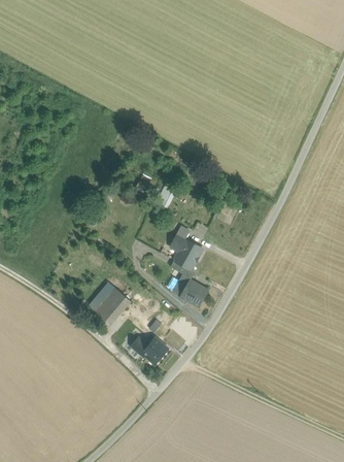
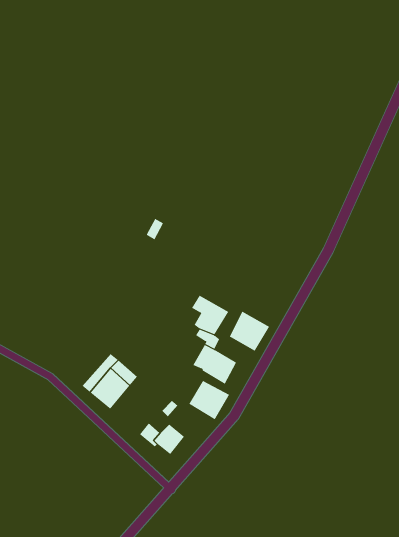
building: none -> [229,311,270,352]
building: none -> [188,380,230,420]

